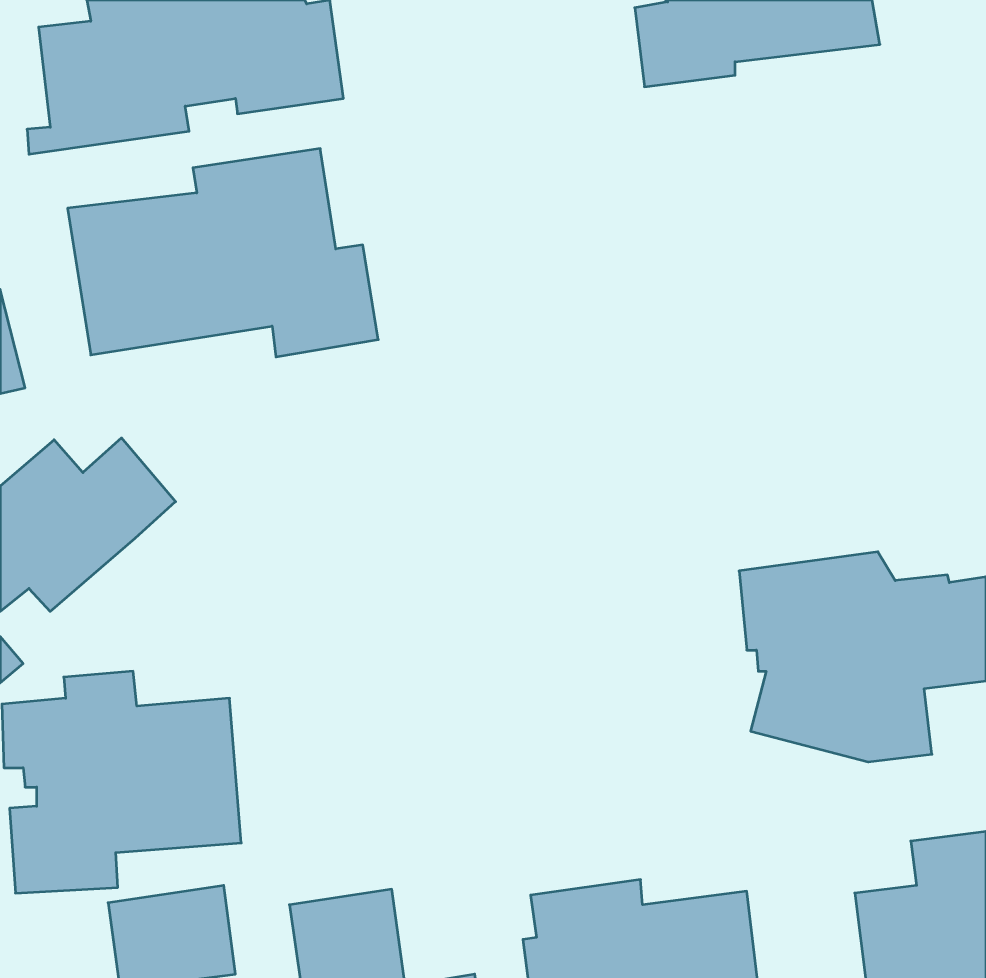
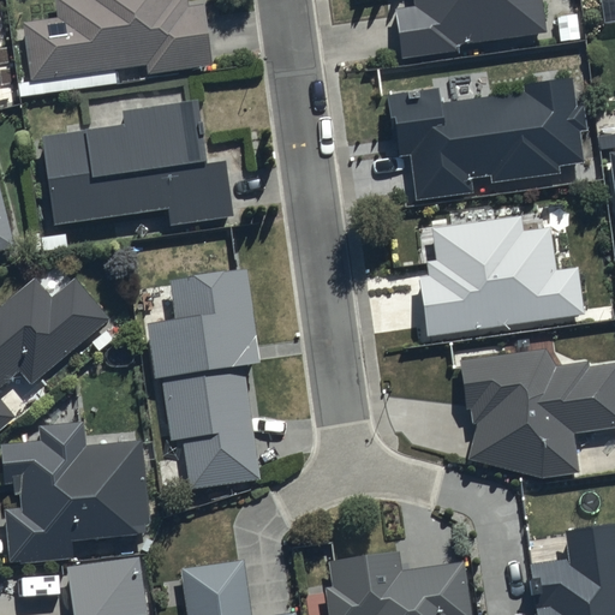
building: none -> [388,76,590,199]
building: none -> [407,217,590,333]
building: none -> [148,267,261,490]

